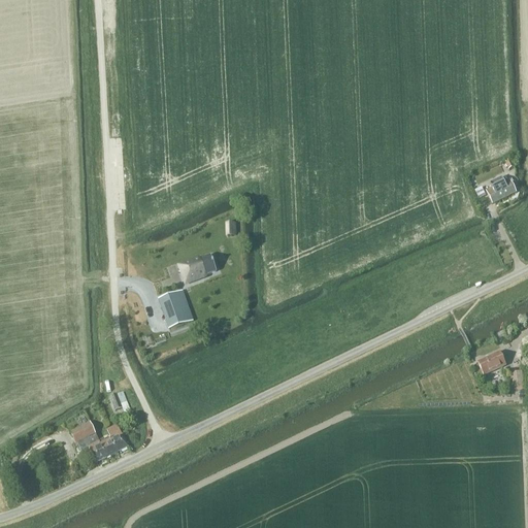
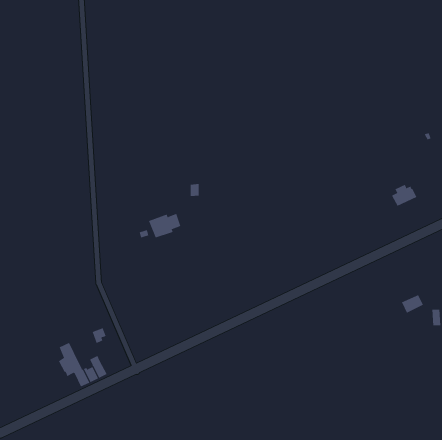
building: [486,175,517,202] -> [391,184,417,207]
building: [159,289,194,328] -> none

